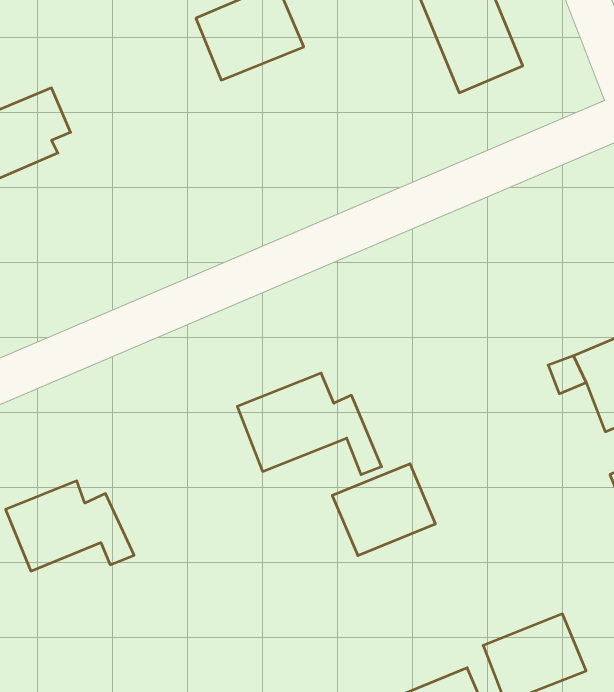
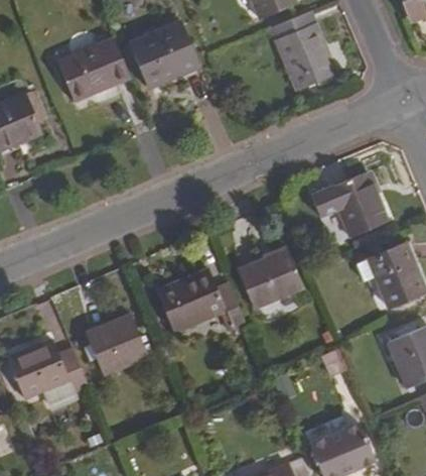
building: none -> [56,37,128,100]
building: none -> [310,173,388,238]
building: none -> [88,324,150,382]
building: [332,464,435,556] -> [238,251,303,310]

